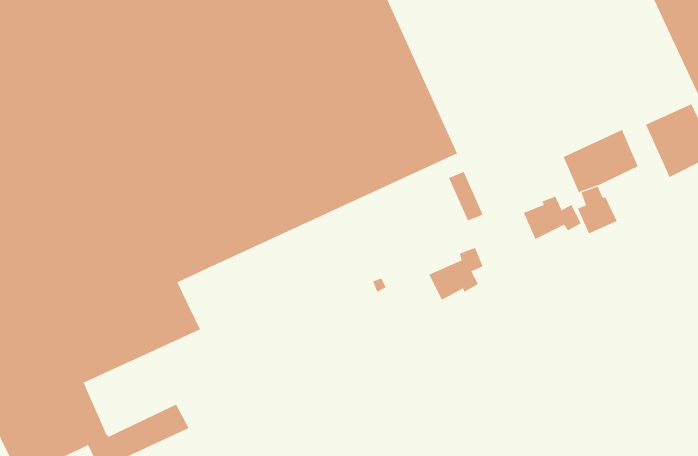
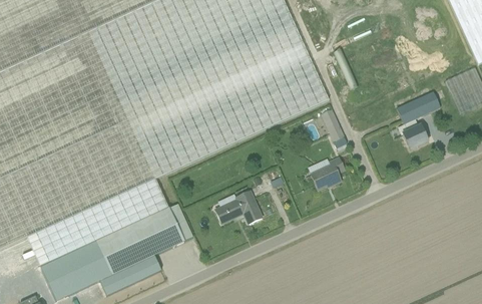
building: [523,196,582,240] -> none
building: none -> [215,191,262,224]
building: none -> [96,204,192,275]

